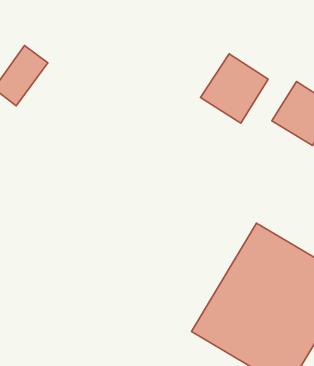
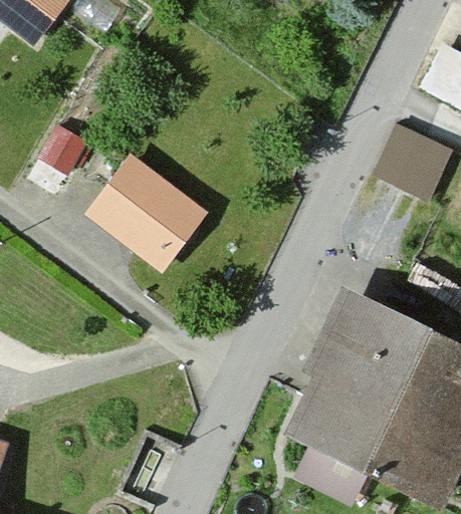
building: [201,54,268,123] -> none
building: none -> [86,153,202,265]

